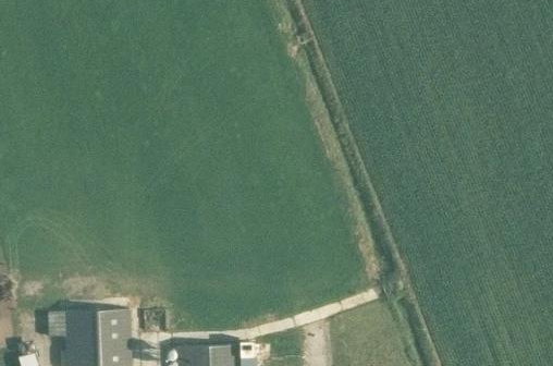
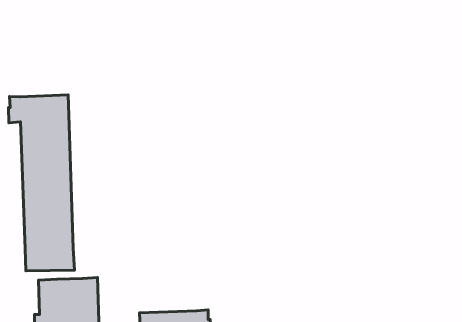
building: none -> [9,95,75,271]

